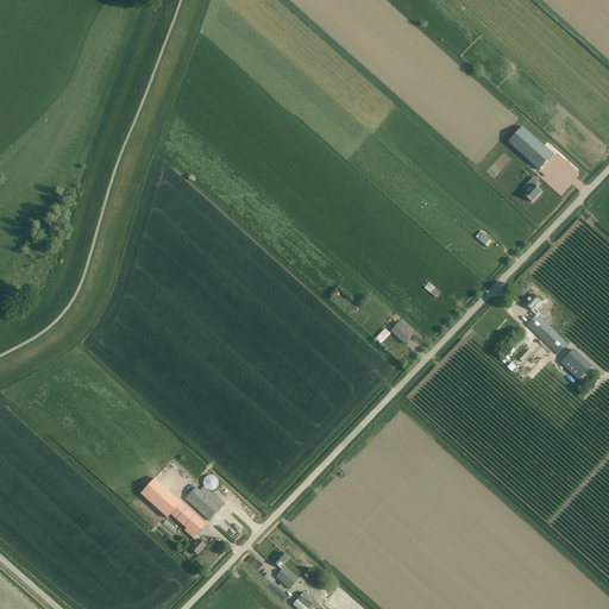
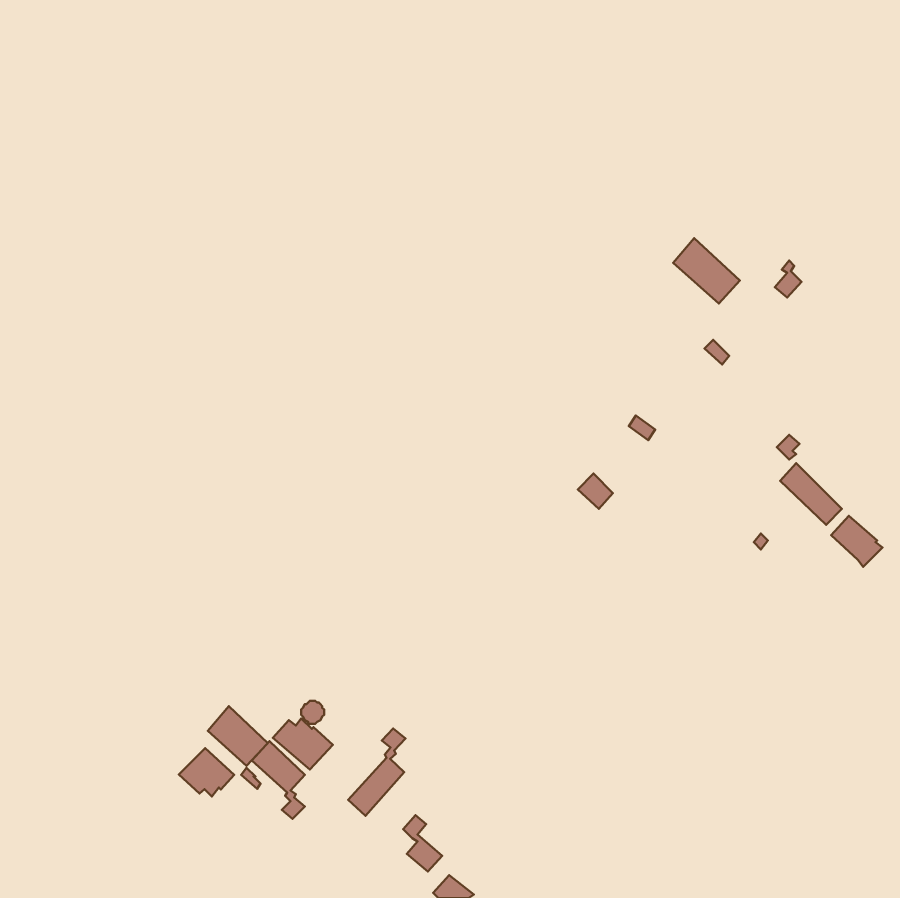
building: [508,125,553,169] -> [673,238,740,303]
building: none -> [348,729,406,816]
building: none -> [179,748,234,797]

